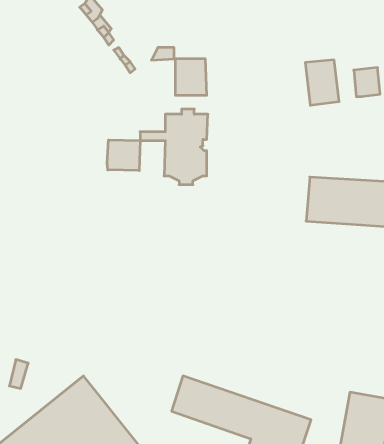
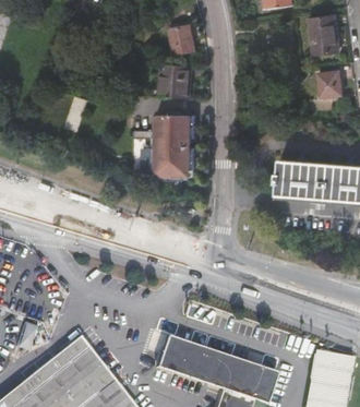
building: none -> [165,20,191,48]
building: [305,60,339,105] -> [308,15,337,55]
building: [107,140,140,171] -> none

